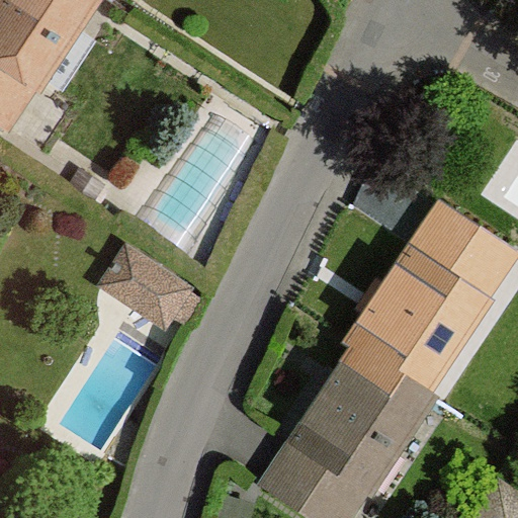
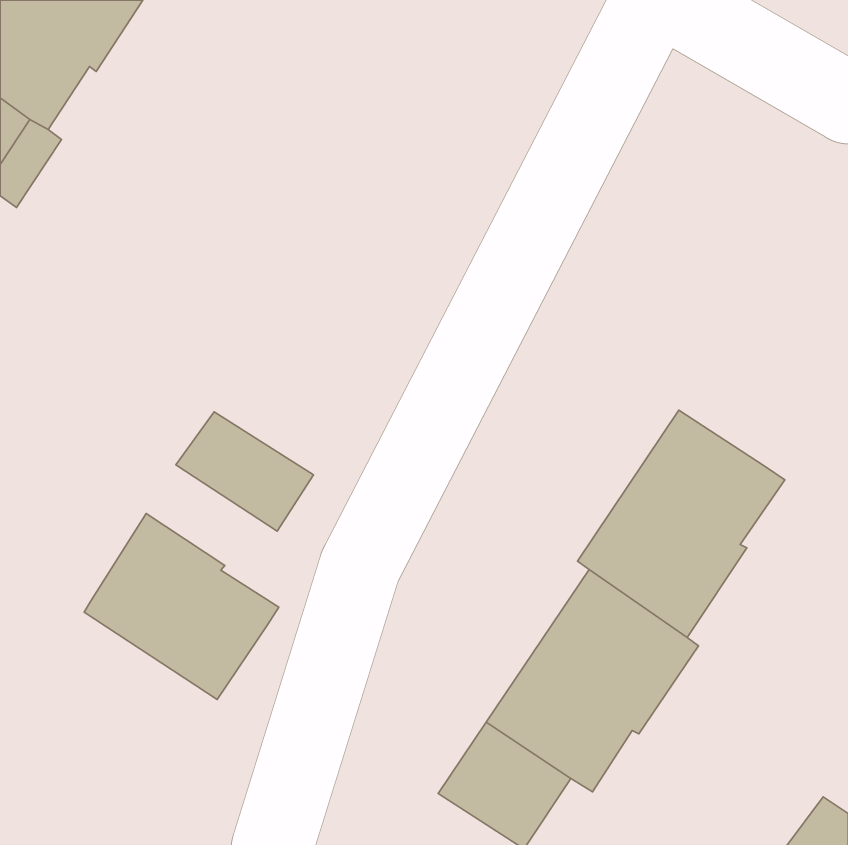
building: [414,207,496,286] -> none
building: none -> [84,513,279,699]

